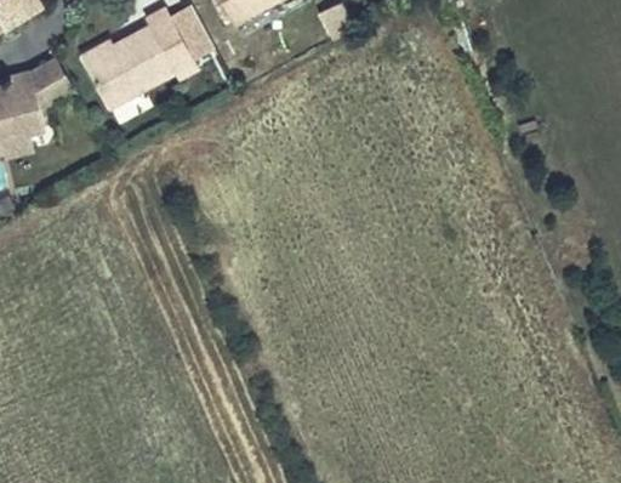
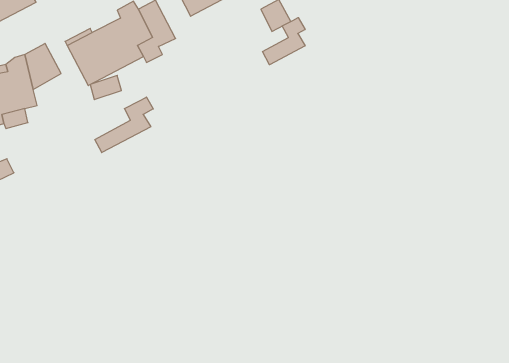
building: none -> [263,18,305,65]
building: none -> [95,97,153,153]

